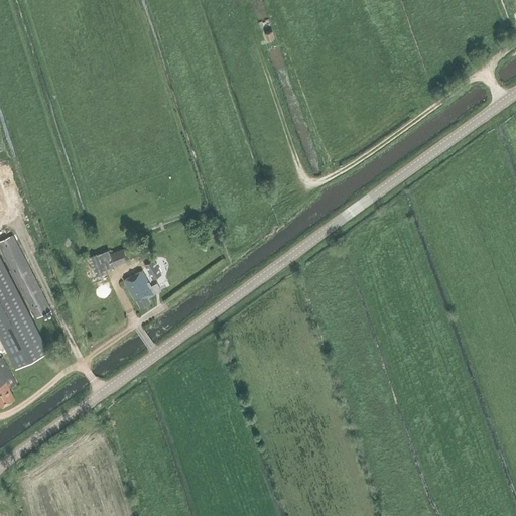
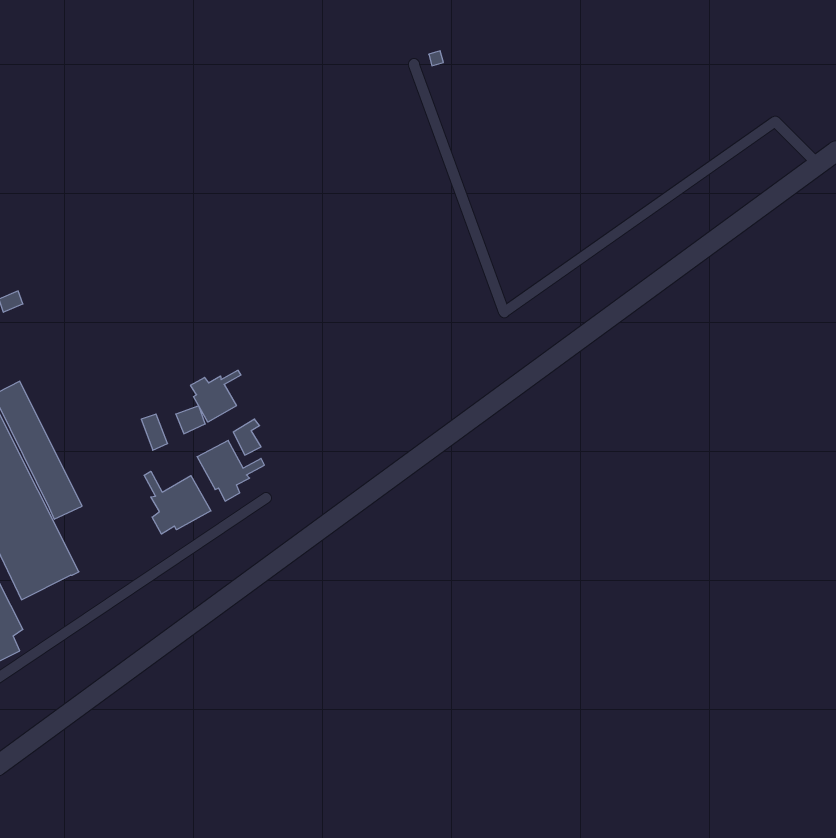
building: none -> [191,370,241,422]
building: none -> [144,471,211,534]

